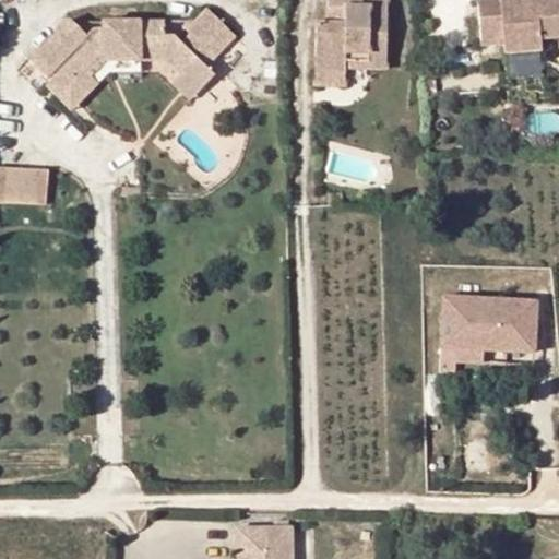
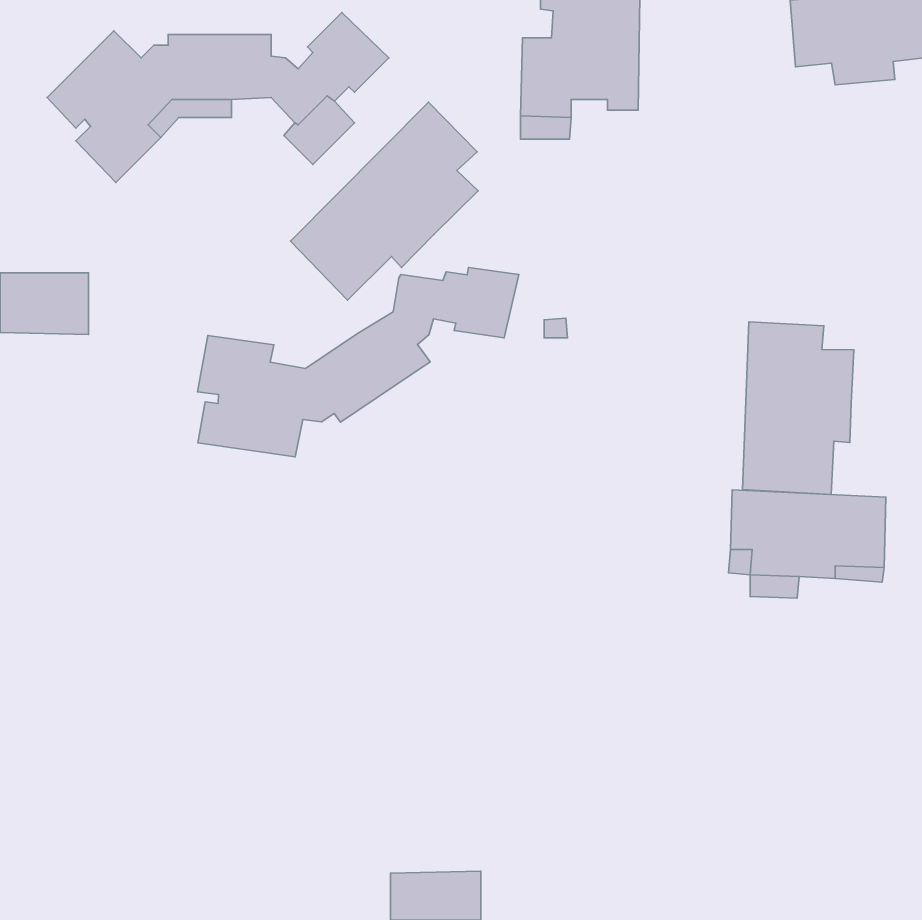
building: none -> [290,102,478,300]
building: none -> [198,267,519,457]
building: none -> [742,322,854,494]

